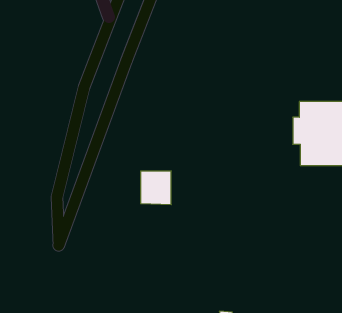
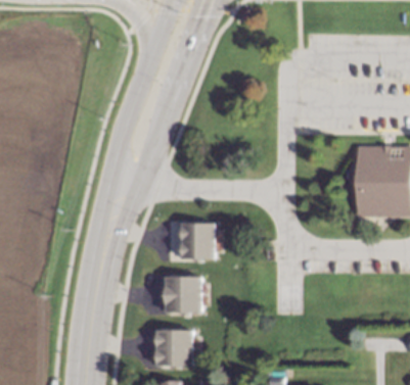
building: none -> [165,277,201,314]
building: none -> [157,331,193,368]

